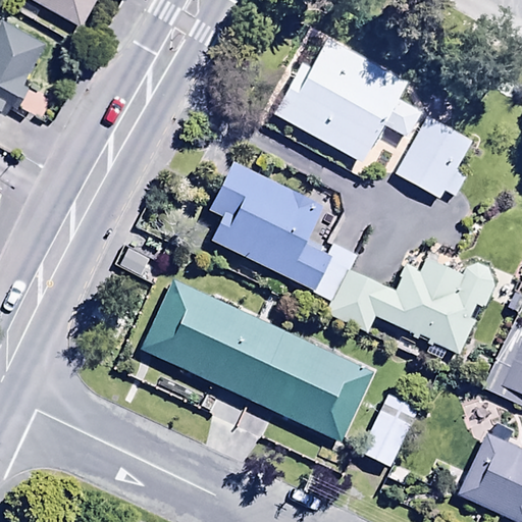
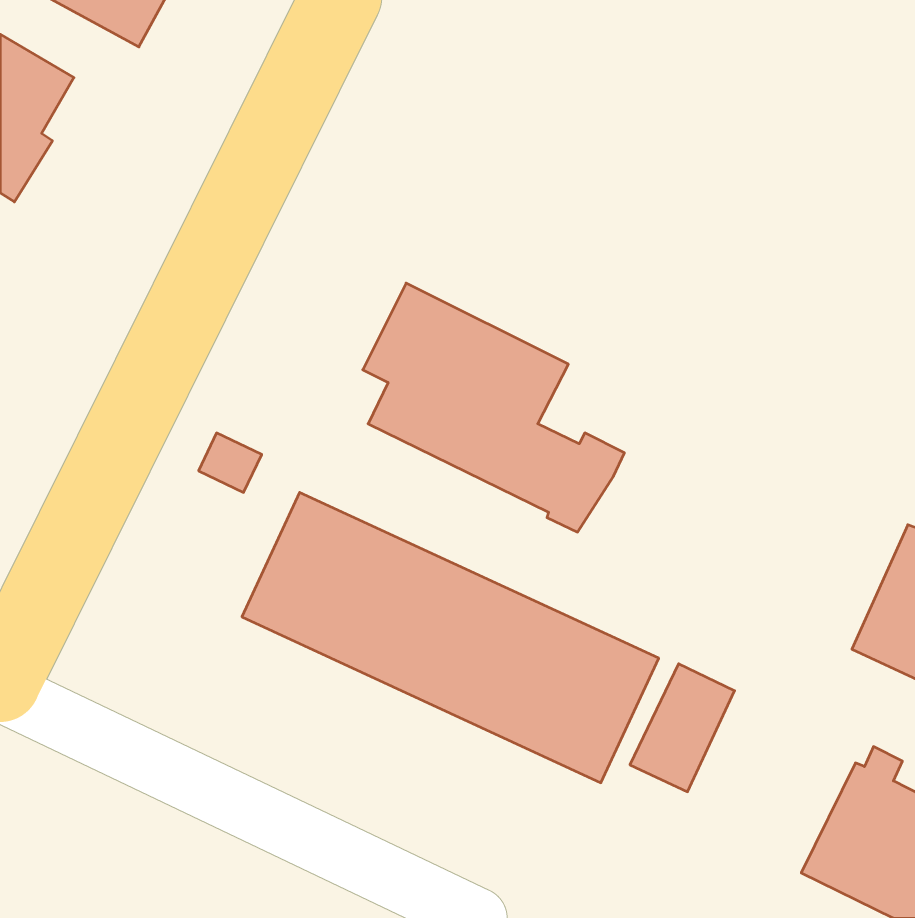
building: [273,37,420,162] -> none
building: [396,115,474,200] -> none
building: [325,252,497,360] -> none

